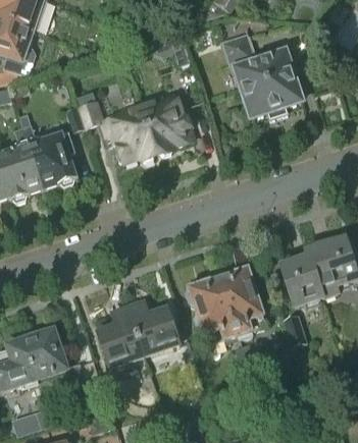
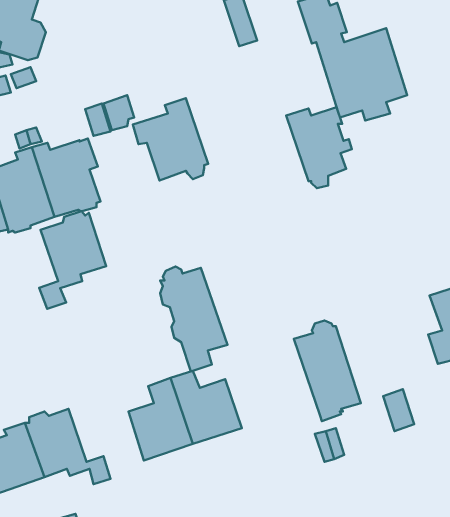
building: [140,97,188,156] -> [286,107,352,188]
building: none -> [39,211,106,309]
building: [279,246,326,307] -> none
building: [189,277,238,353] -> [160,267,227,372]

